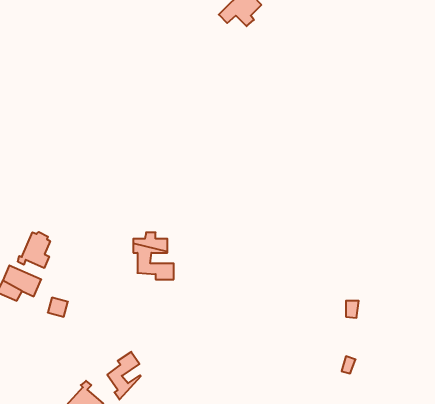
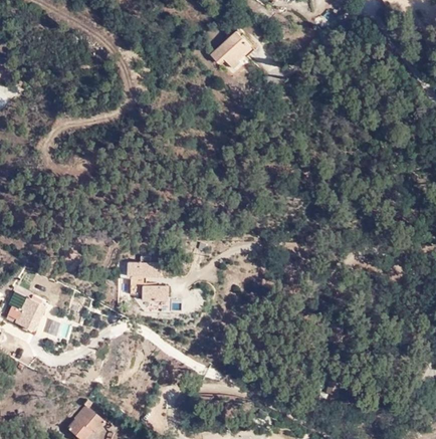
building: [18,232,50,268] -> none
building: [107,352,141,400] -> none

